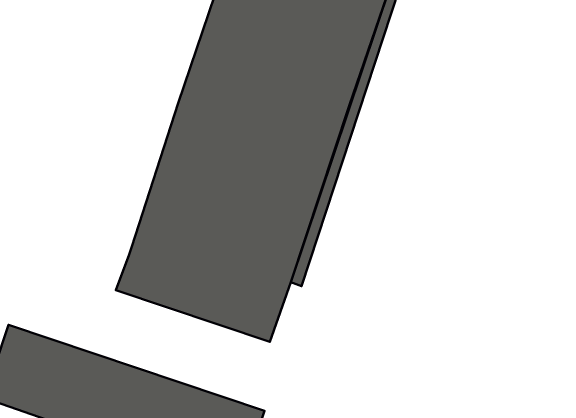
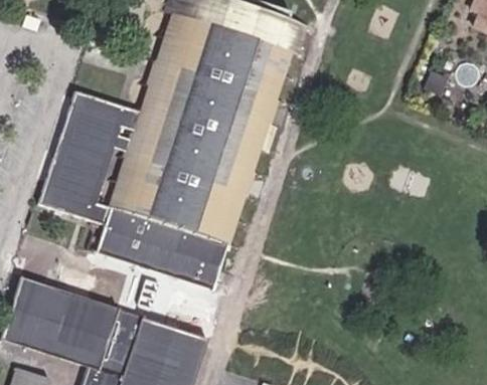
building: none -> [42,83,142,218]

